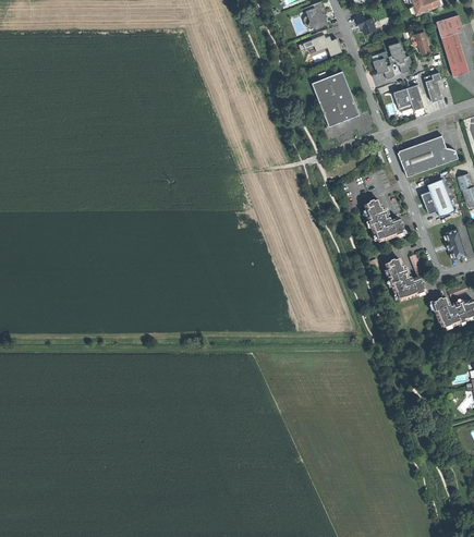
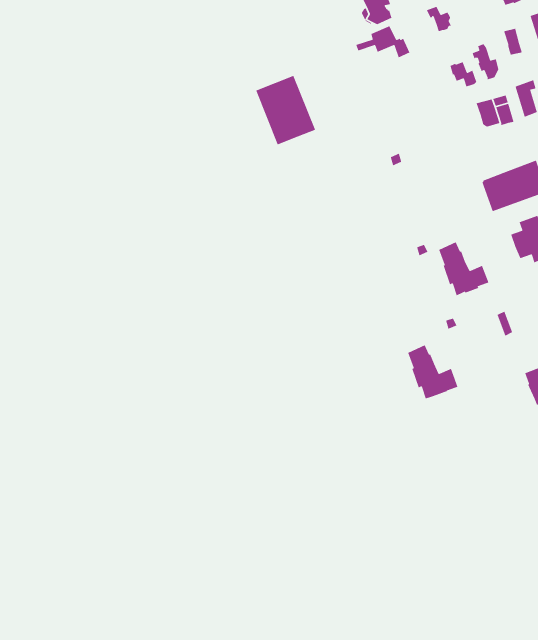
building: [312,71,360,126] -> [255,75,316,146]
building: [385,258,425,302] -> [407,344,458,400]

